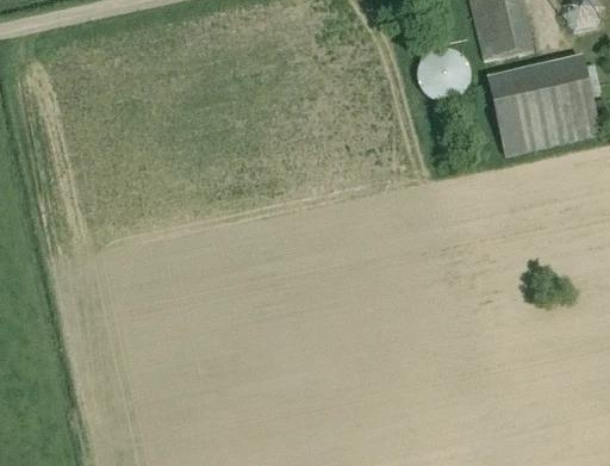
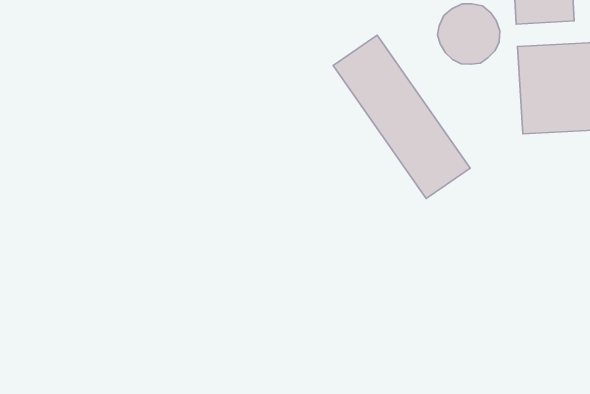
building: none -> [333,35,470,199]

